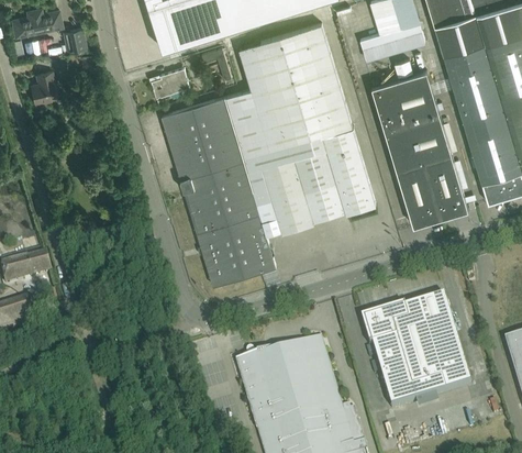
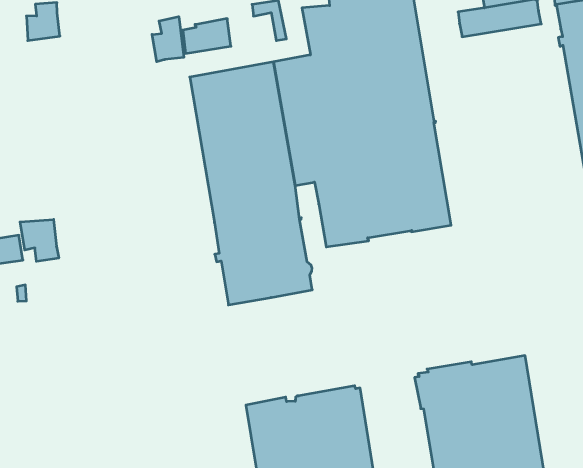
building: [373,70,468,227] -> none
building: none -> [152,17,184,62]
building: none -> [20,219,59,261]

